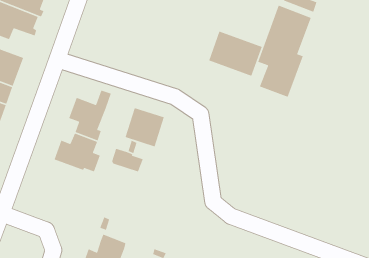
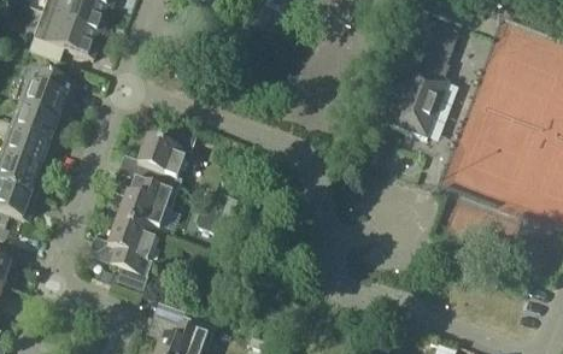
building: [208,30,263,77] -> none
building: [125,107,165,147] -> none
building: none -> [107,218,157,290]

